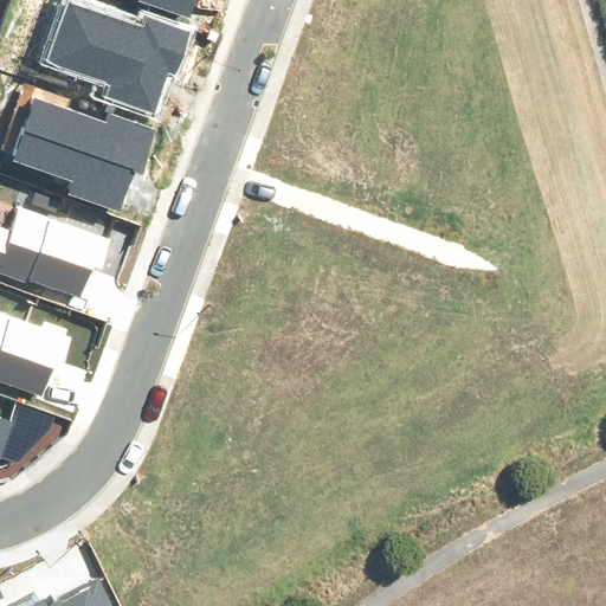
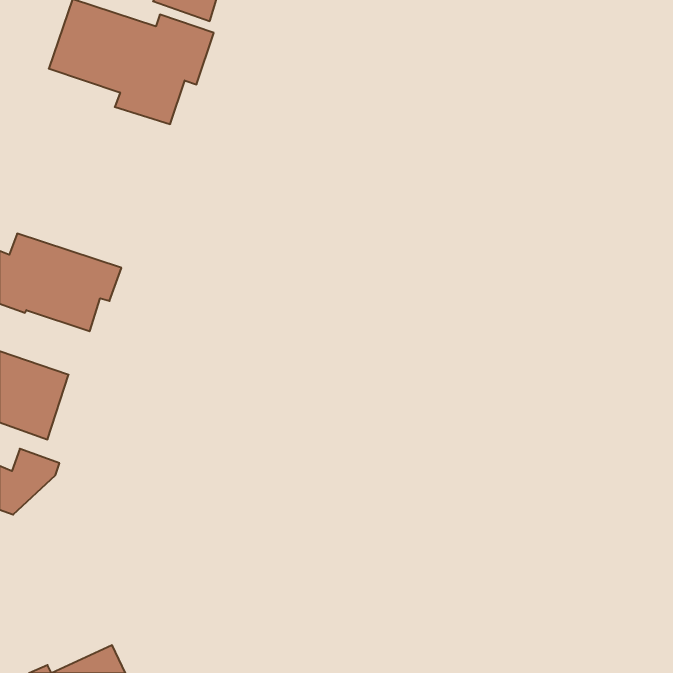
building: [13,99,156,211] -> none

